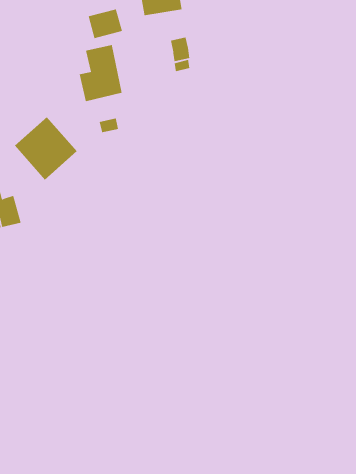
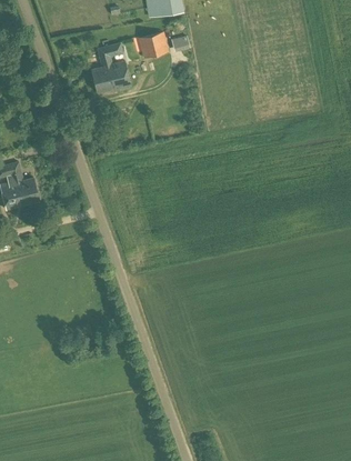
building: [88,9,123,39] -> [138,31,169,58]
building: [14,116,77,180] -> none

